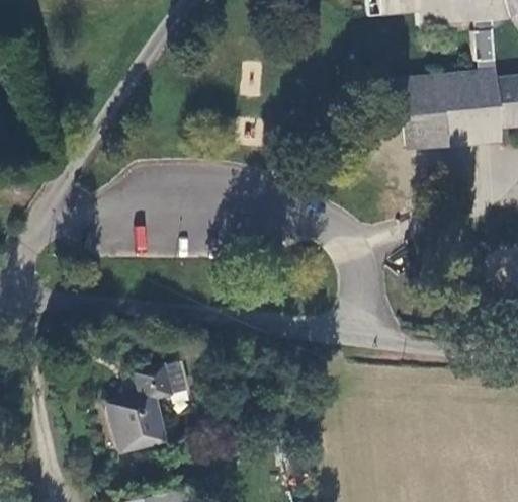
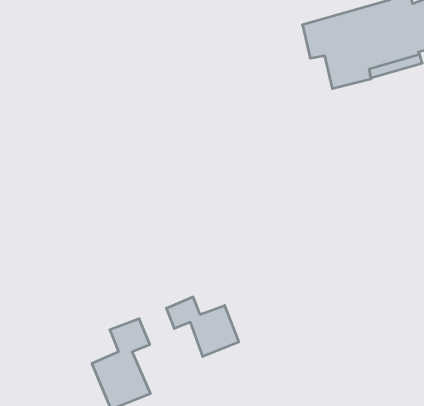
building: none -> [166,297,239,357]

